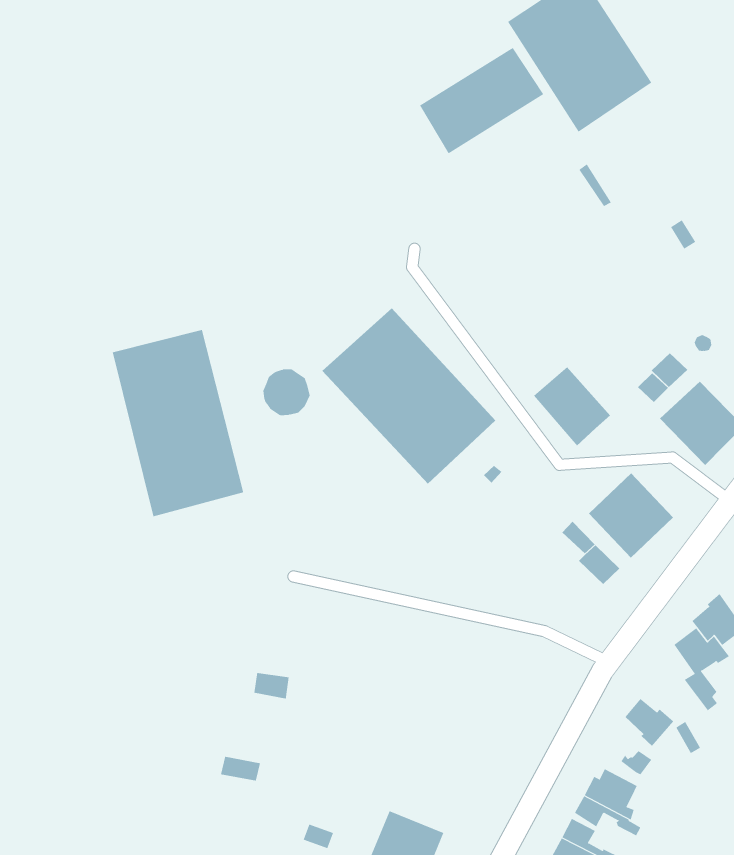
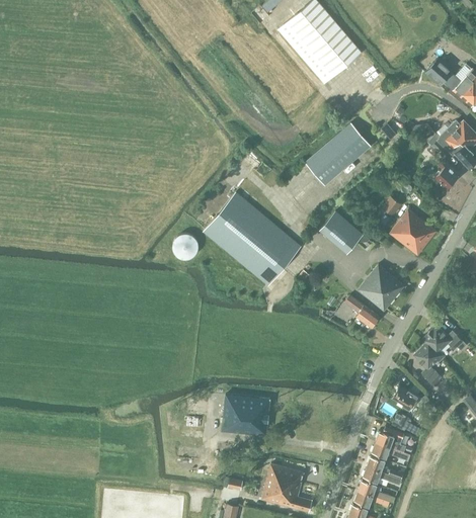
building: [419,47,544,154] -> [305,123,372,186]
building: [112,329,244,517] -> none
building: none -> [222,395,269,435]

